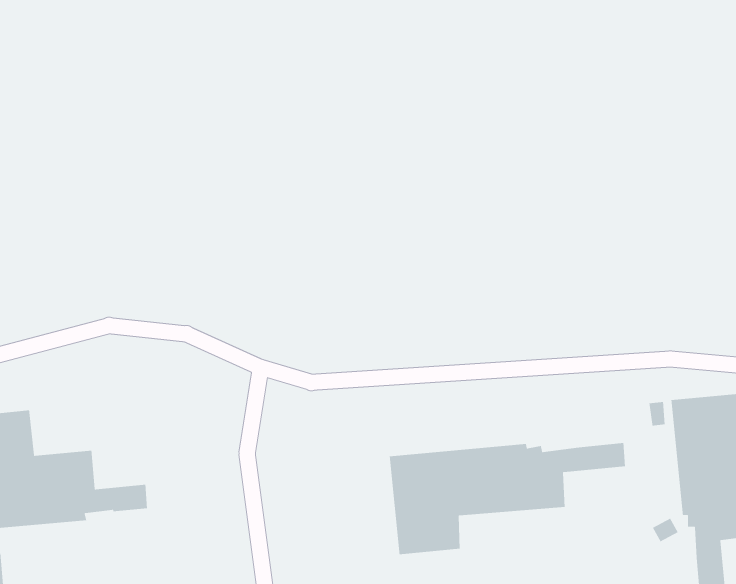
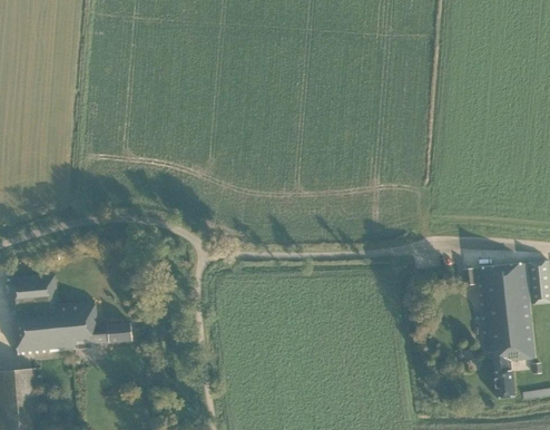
building: [389,442,626,555] -> none

